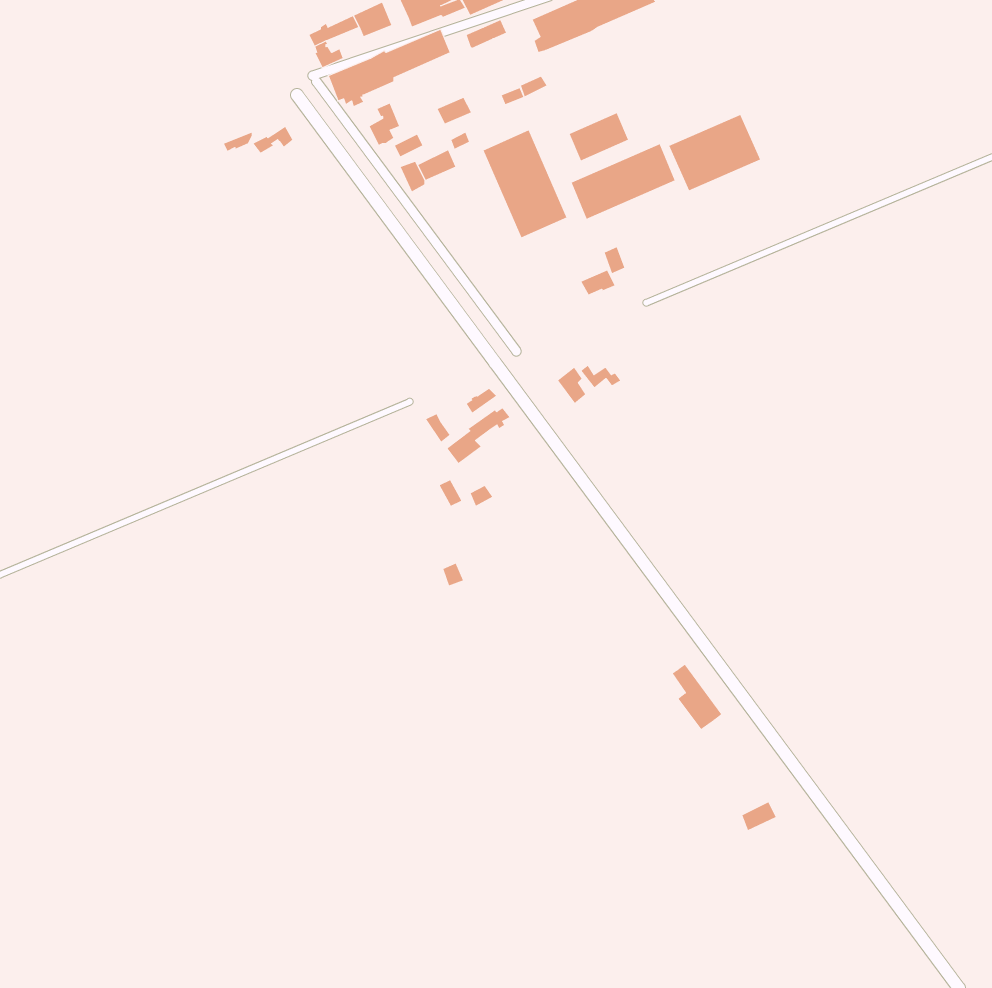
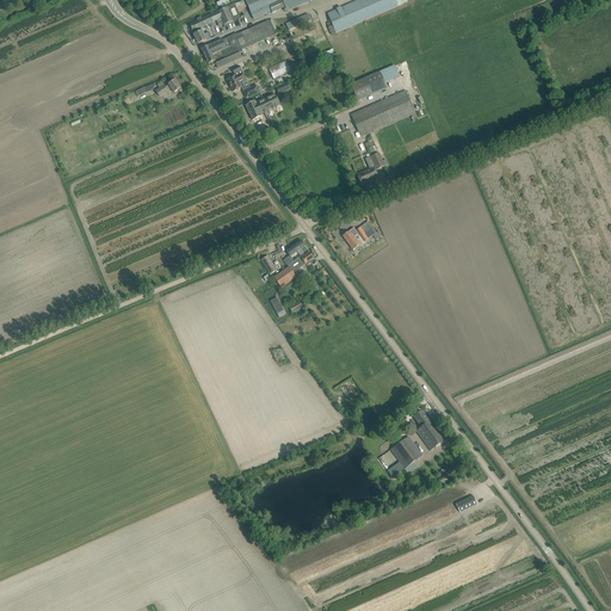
building: [669,114,761,191] -> none
building: [483,130,567,238] -> none
building: none -> [390,434,422,467]

